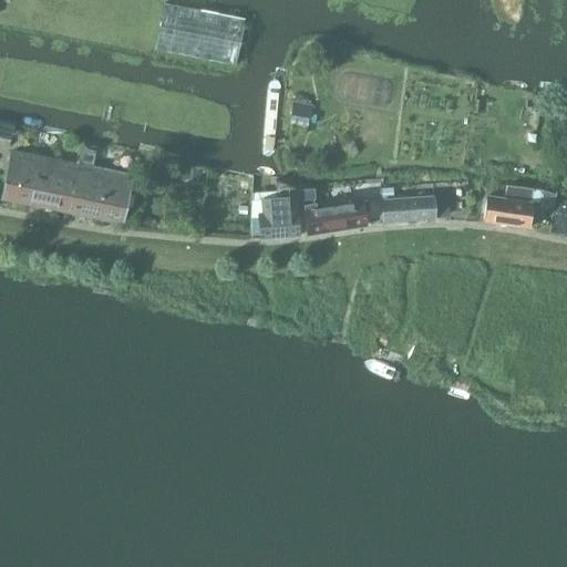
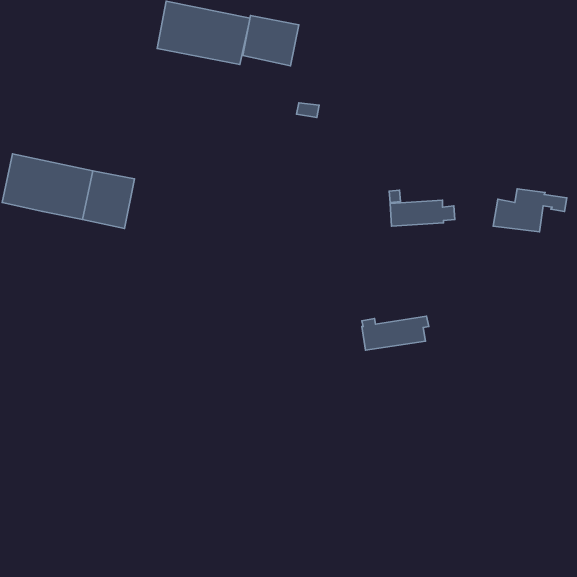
building: none -> [243,15,299,66]
building: [259,181,300,238] -> none
building: [305,200,370,234] -> [362,316,429,350]

